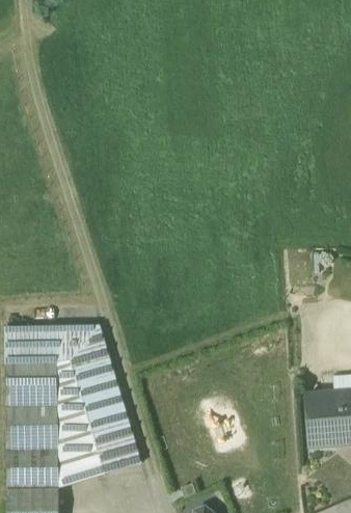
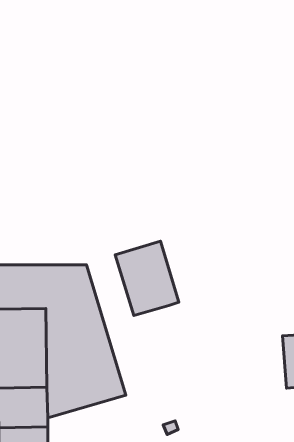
building: none -> [115,241,179,316]

